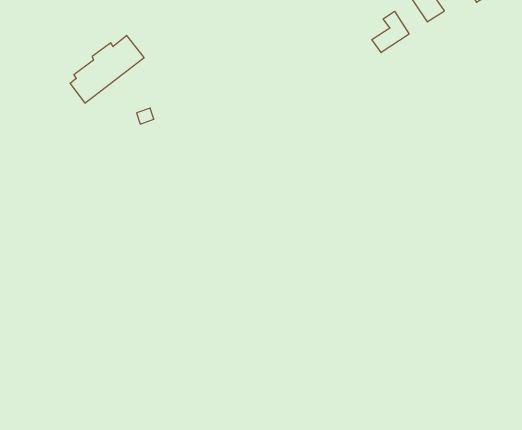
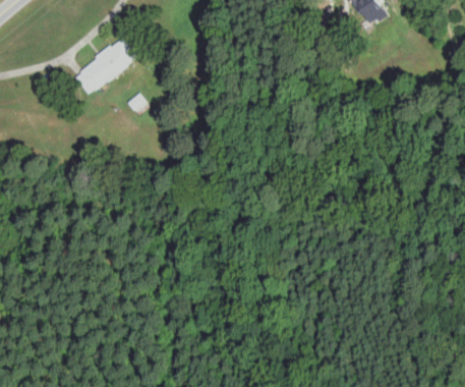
building: [372,11,409,53] -> none

